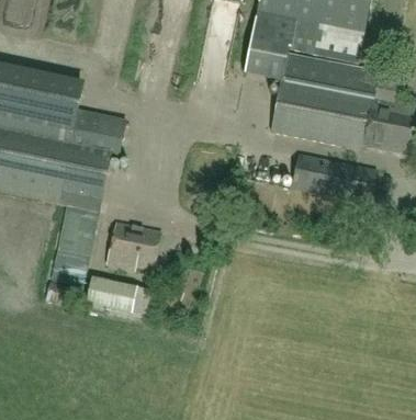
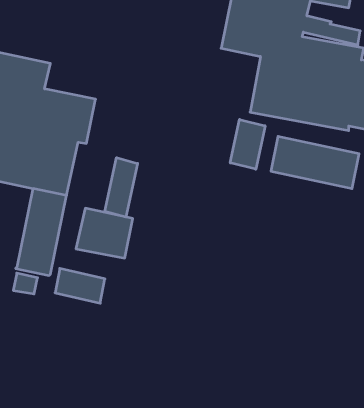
building: none -> [230,119,265,169]
building: none -> [105,158,138,217]

